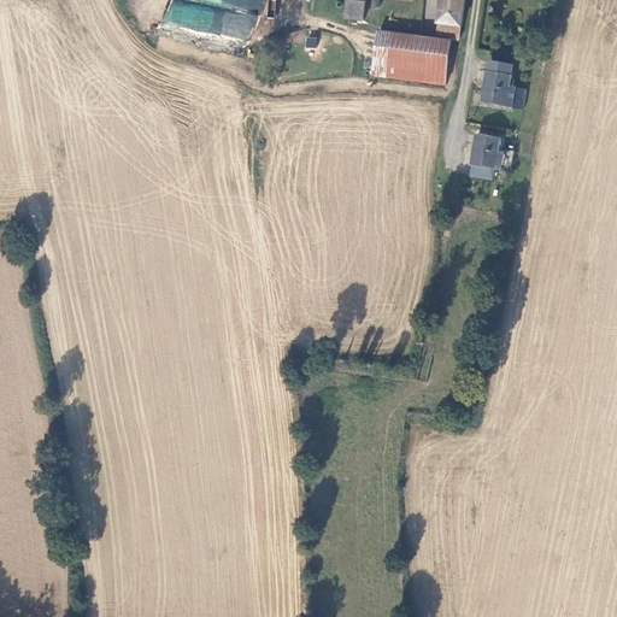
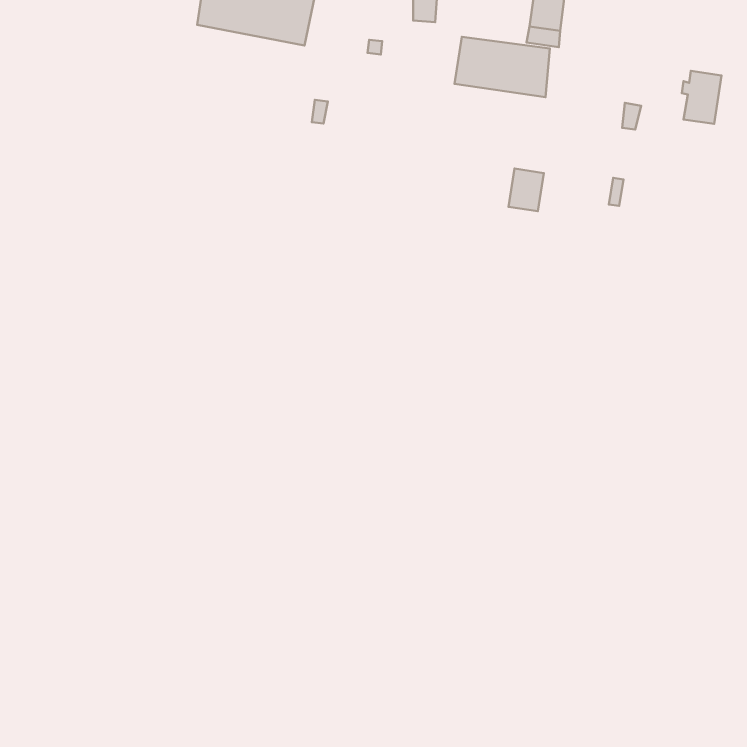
building: [478,59,511,102] -> [682,71,722,124]
building: [472,131,501,166] -> [508,169,544,211]

